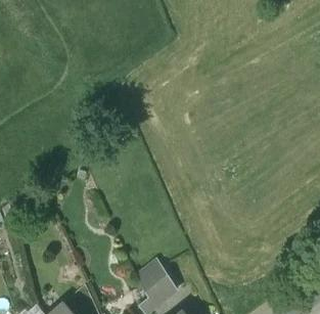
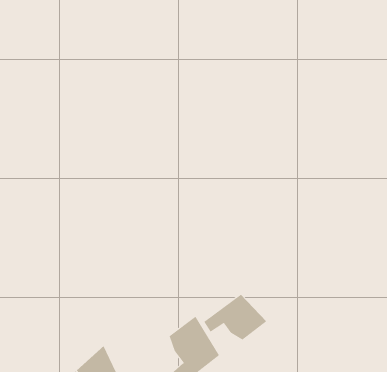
building: none -> [204,294,267,340]

